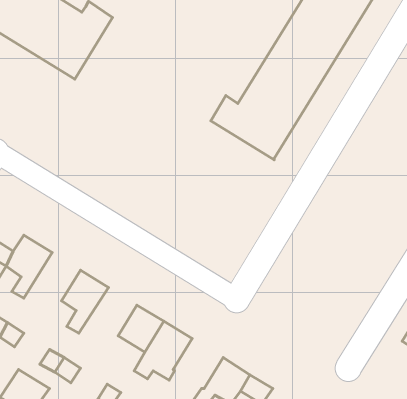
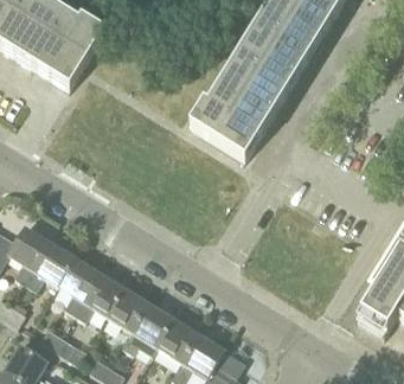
building: none -> [24,237,73,284]
building: none -> [72,268,123,315]
building: none -> [155,313,199,357]

